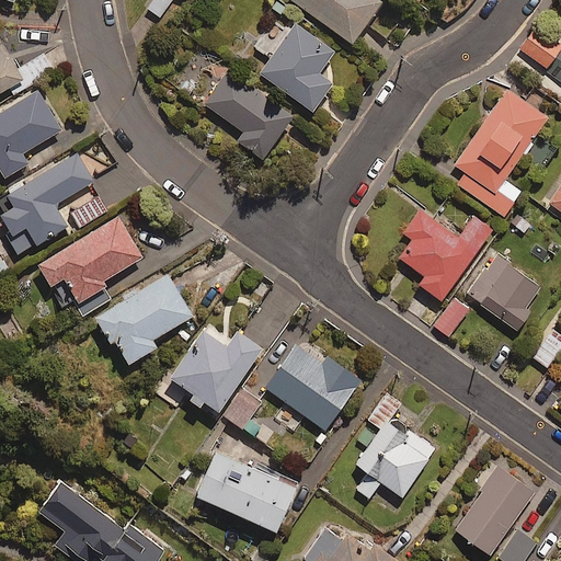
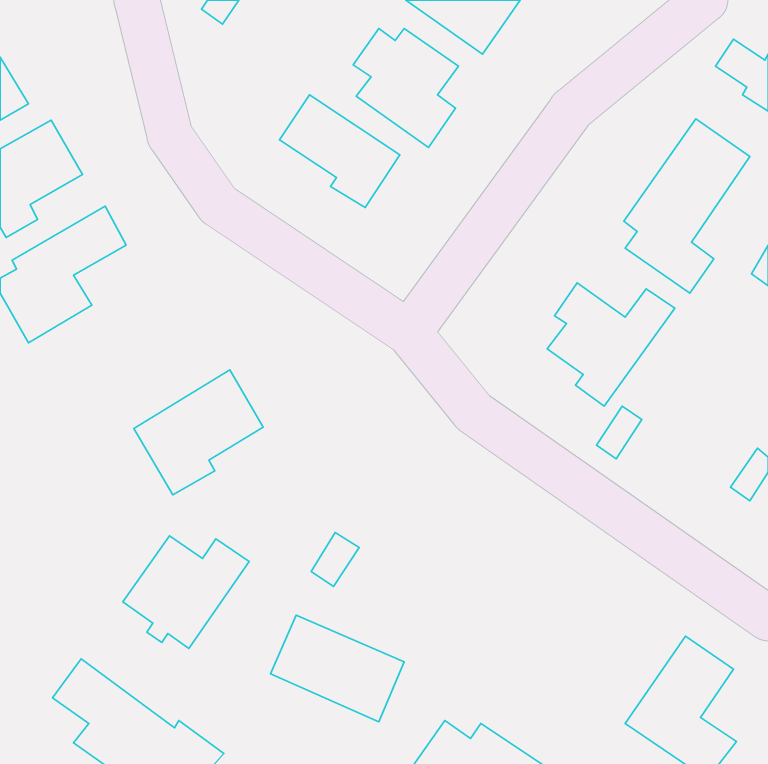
building: [38,217,142,301] -> none
building: [468,255,541,330] -> none
building: [170,329,262,411] -> [123,536,249,649]
building: [265,346,360,431] -> none
building: [356,396,434,499] -> none

